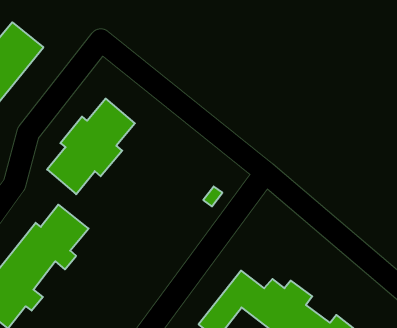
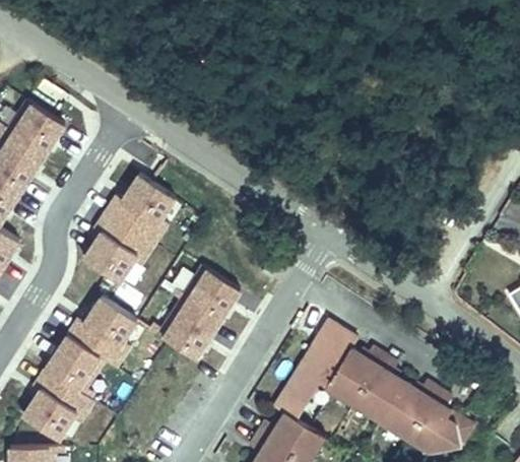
building: none -> [159,265,243,358]
building: none -> [310,327,351,366]

